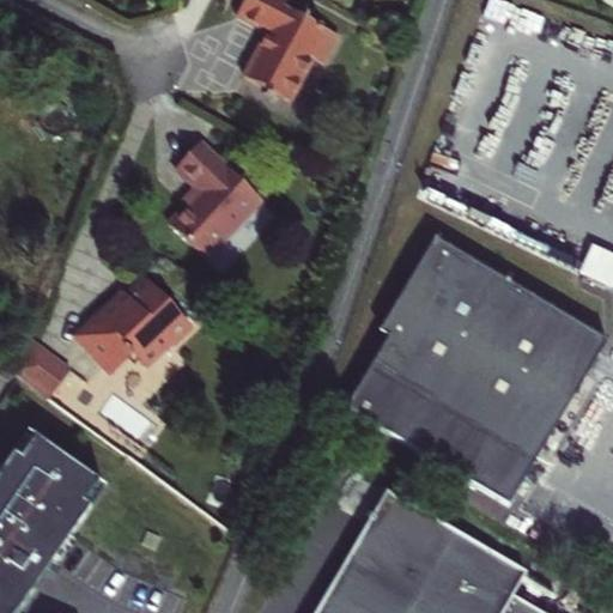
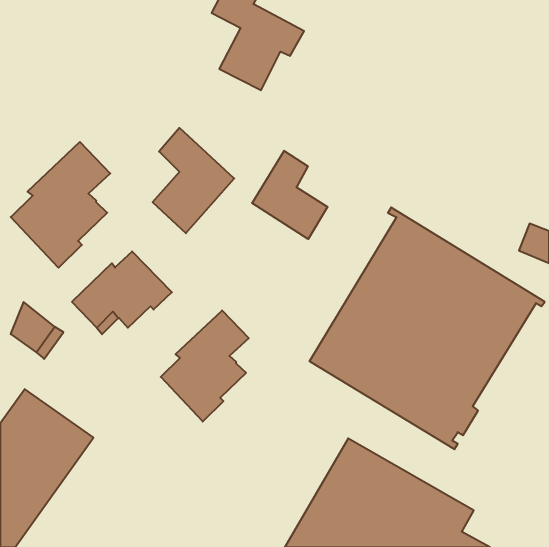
building: none -> [11,142,110,268]
building: none -> [252,151,328,239]
building: none -> [161,310,249,422]

